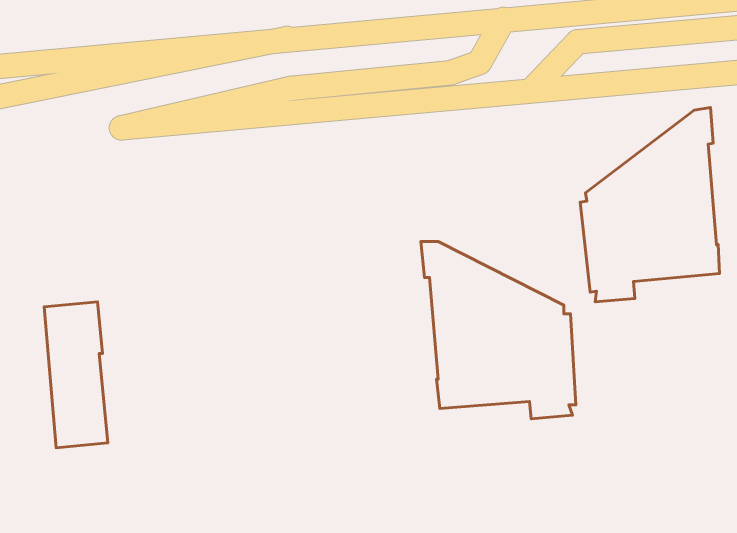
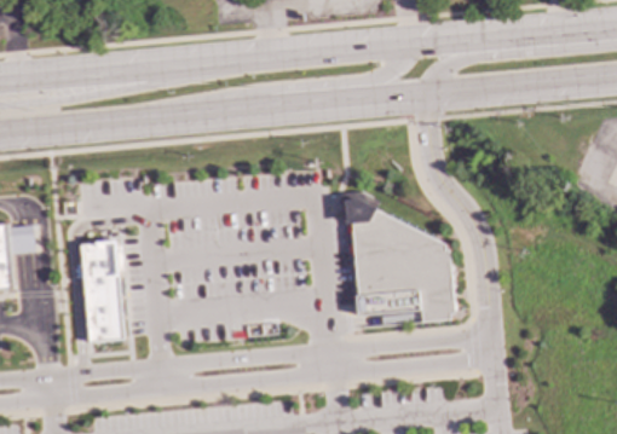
building: [580,107,720,302] -> none

